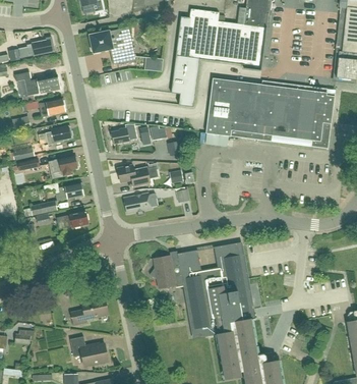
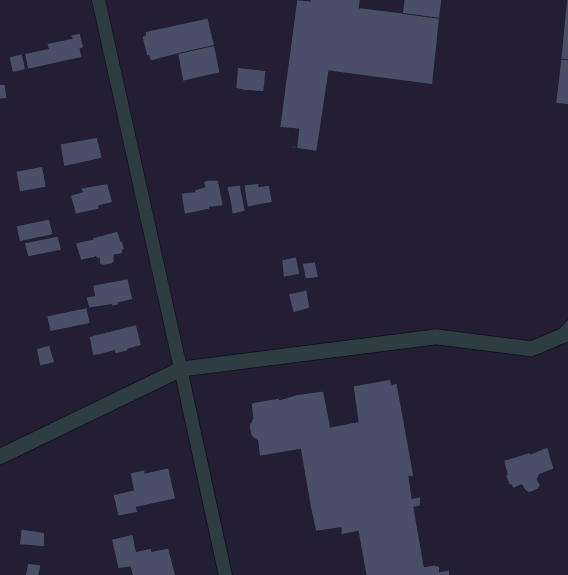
building: [14,71,62,96] -> none
building: [205,78,335,142] -> none
building: [118,165,157,185] -> none
building: [124,194,158,214] -> none
building: none -> [503,447,554,493]

